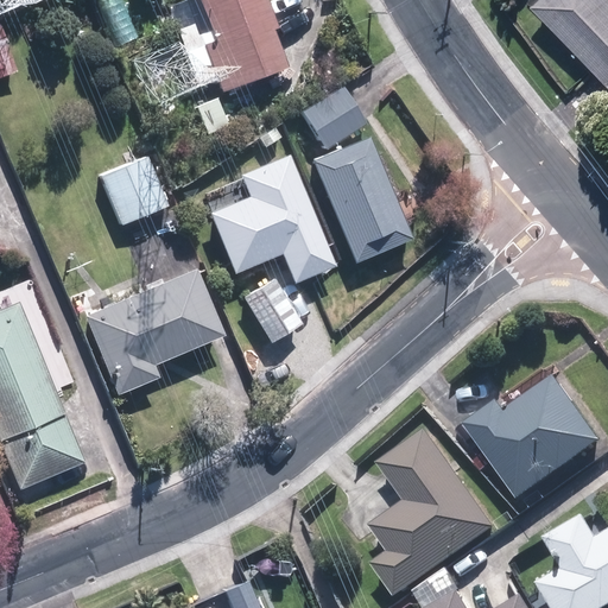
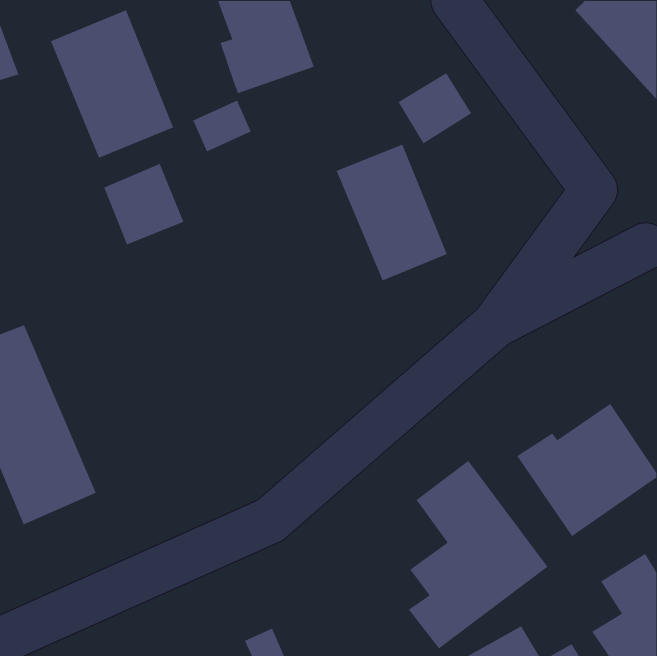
building: none -> [50,9,174,159]
building: [298,86,367,152] -> [397,72,472,144]
building: [202,153,336,284] -> none
building: [82,265,224,394] -> none
building: [238,276,304,347] -> none

